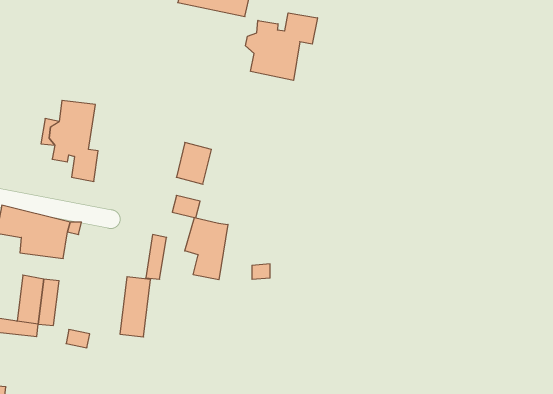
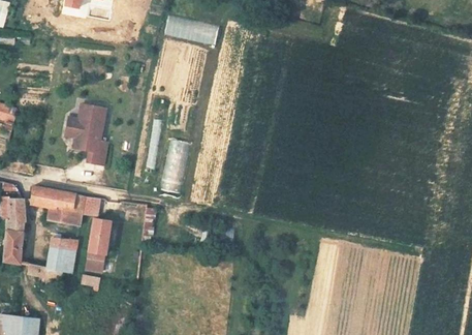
building: [246,13,317,80] -> none
building: [185,218,228,280] -> none
building: [120,277,151,337] -> [87,217,109,262]

